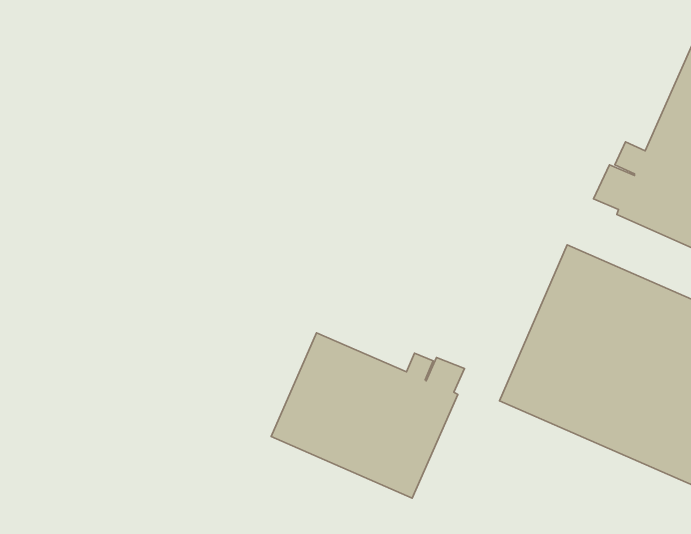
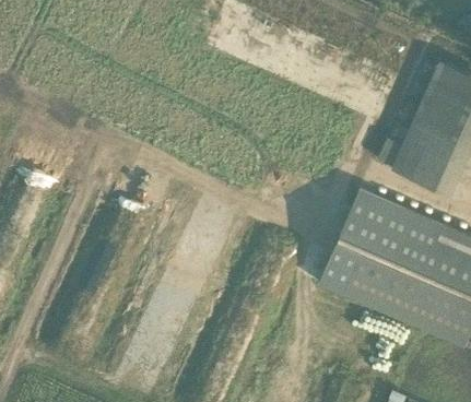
building: [271,333,464,498] -> none

